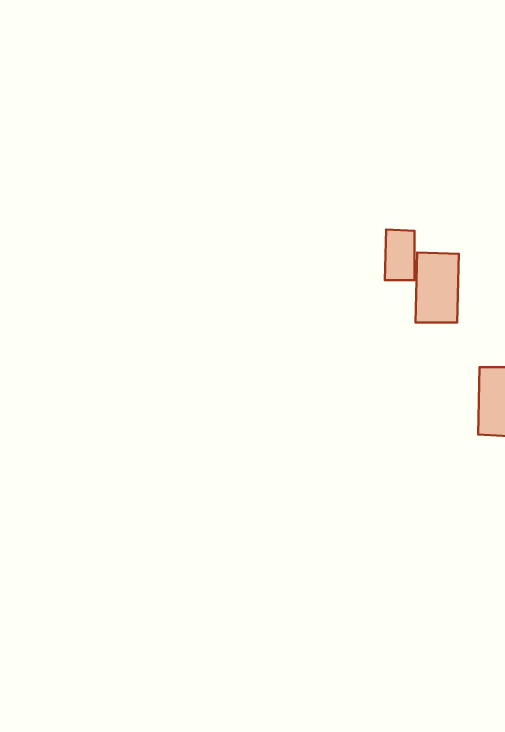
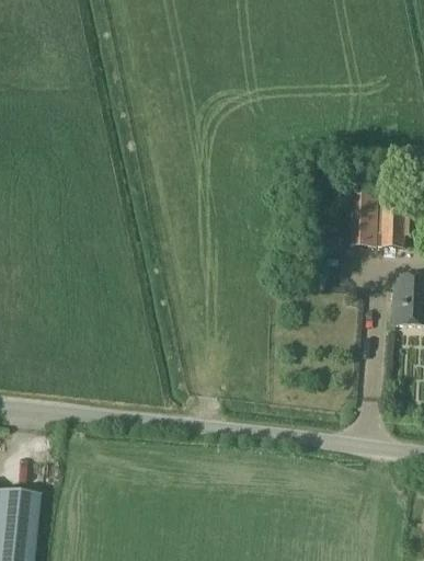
building: [385,229,415,280] -> [383,207,405,244]

